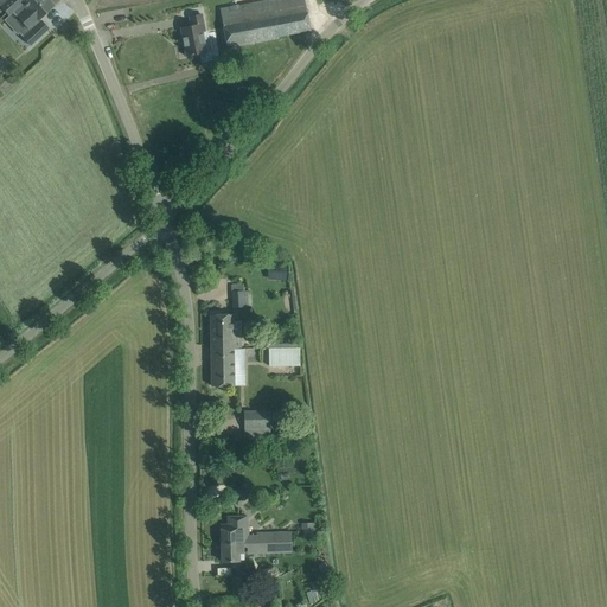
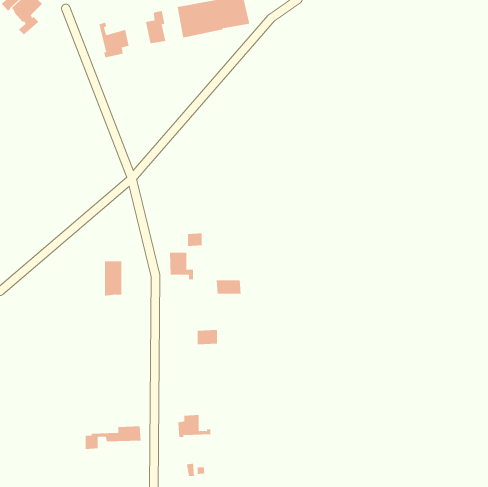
building: none -> [99,22,129,58]
building: [211,341,234,385] -> [104,261,122,296]
building: [222,531,292,561] -> [85,426,141,450]

